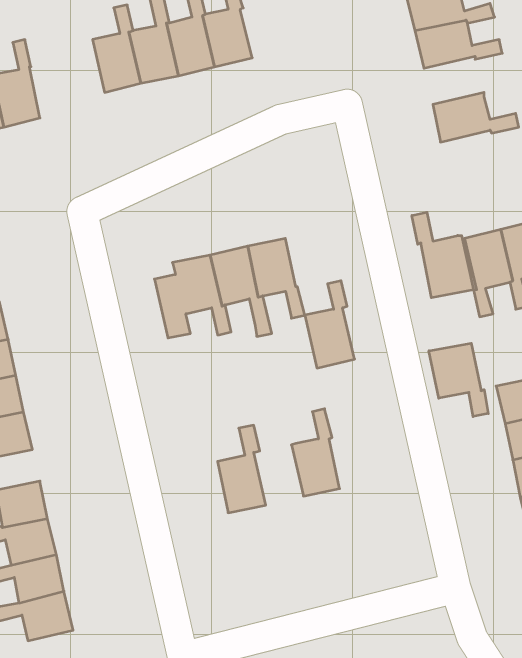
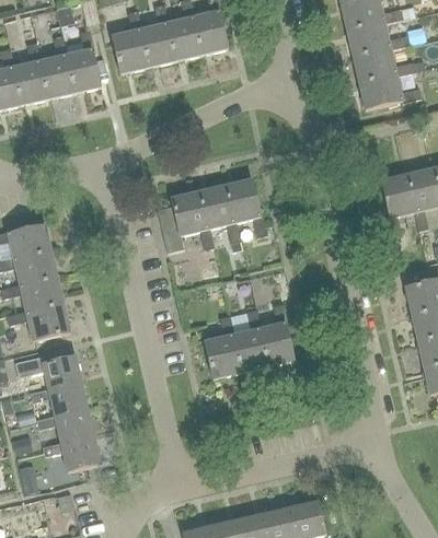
building: none -> [66,30,101,92]
building: none -> [353,47,416,82]
building: [412,212,474,298] -> none
building: [305,281,355,368] -> [229,309,265,373]
building: [429,343,488,417] -> none

